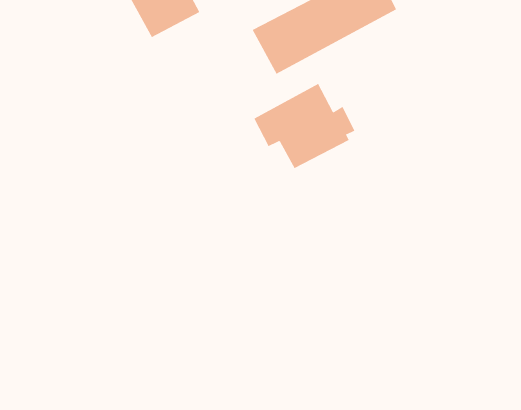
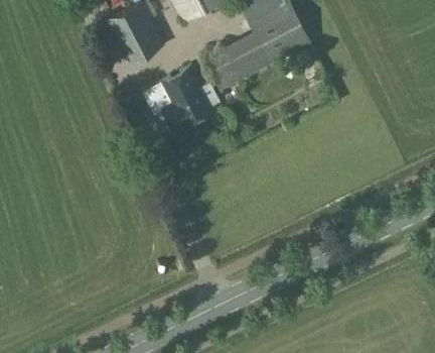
building: [253,83,355,169] -> [144,65,220,128]

